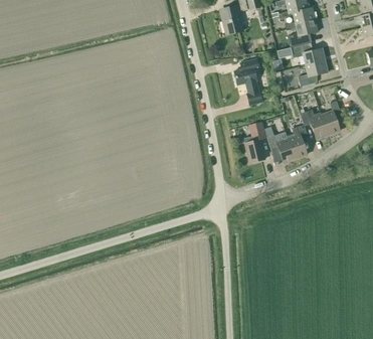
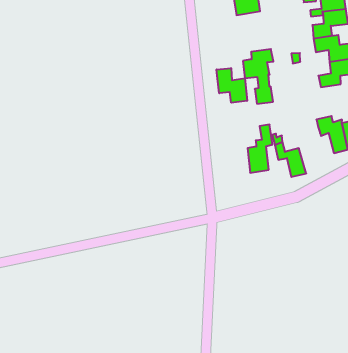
building: none -> [217,68,247,103]
building: [287,124,309,158] -> none

